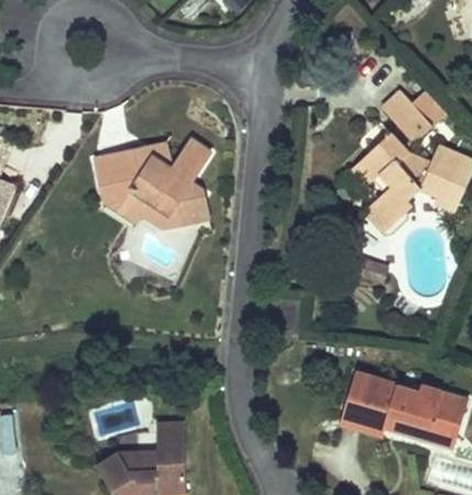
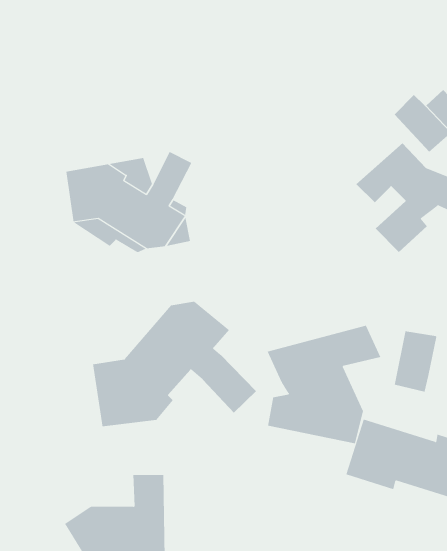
building: none -> [93,301,257,427]
building: none -> [267,325,381,444]
building: none -> [394,330,437,392]

